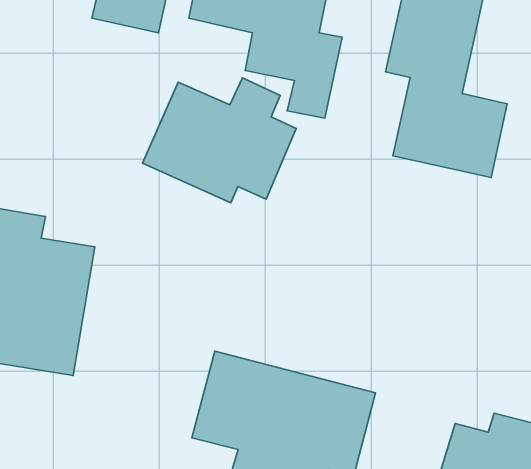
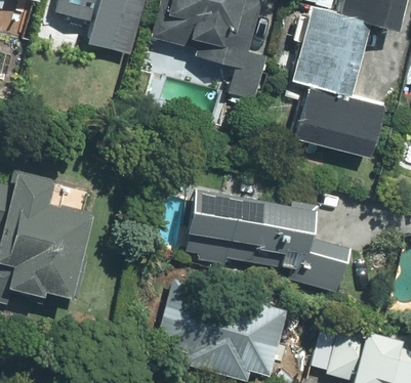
building: [142,78,296,203] -> none
building: none -> [194,190,352,288]

